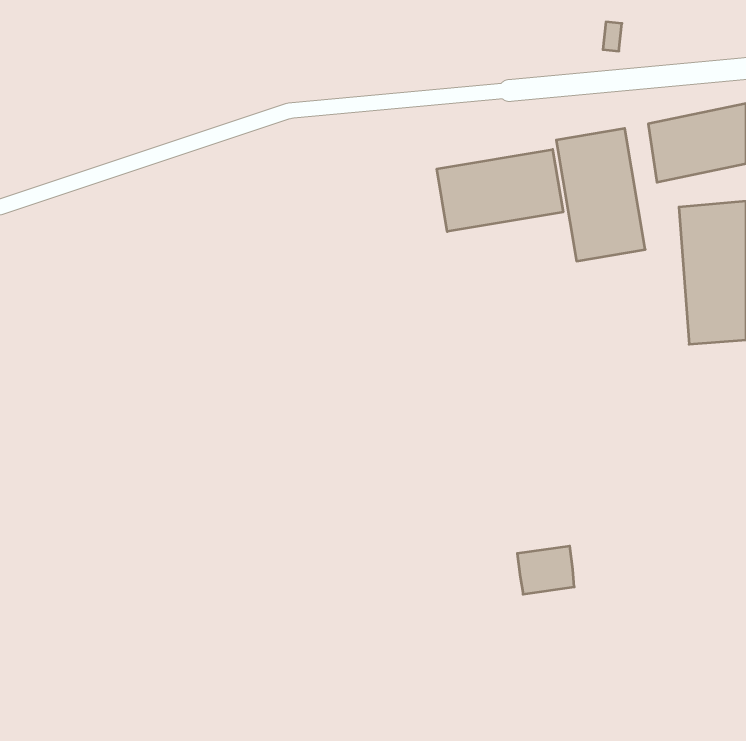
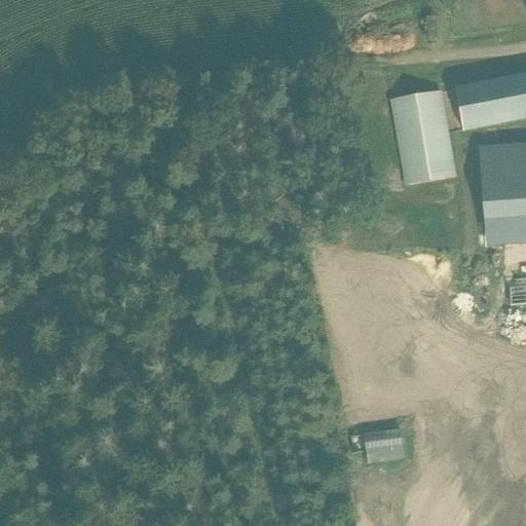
building: [437,149,563,232] -> none
building: [517,546,574,594] -> [364,428,404,462]

